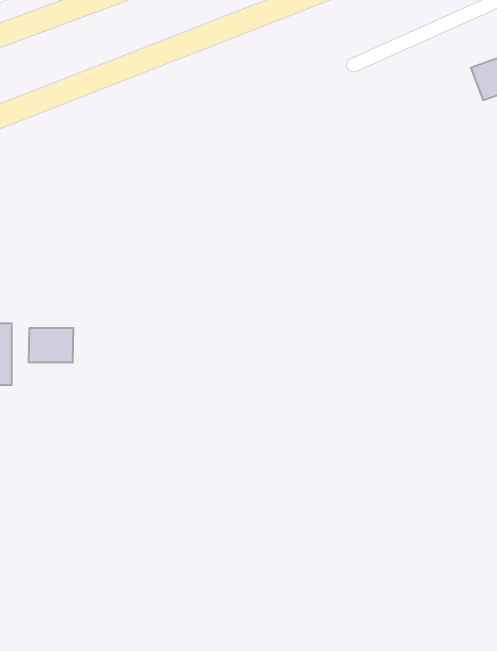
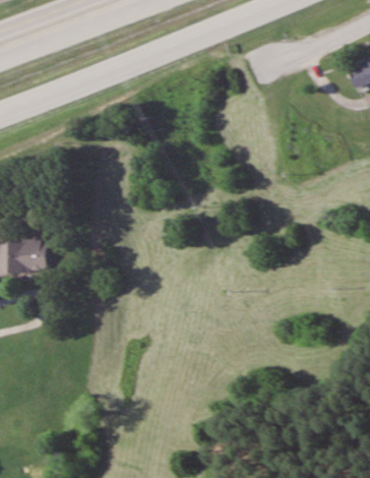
building: [29,328,73,363] -> none

